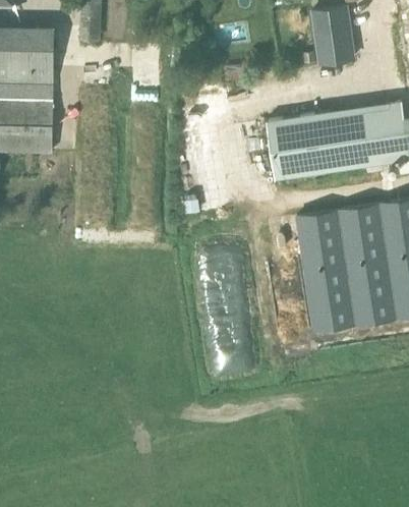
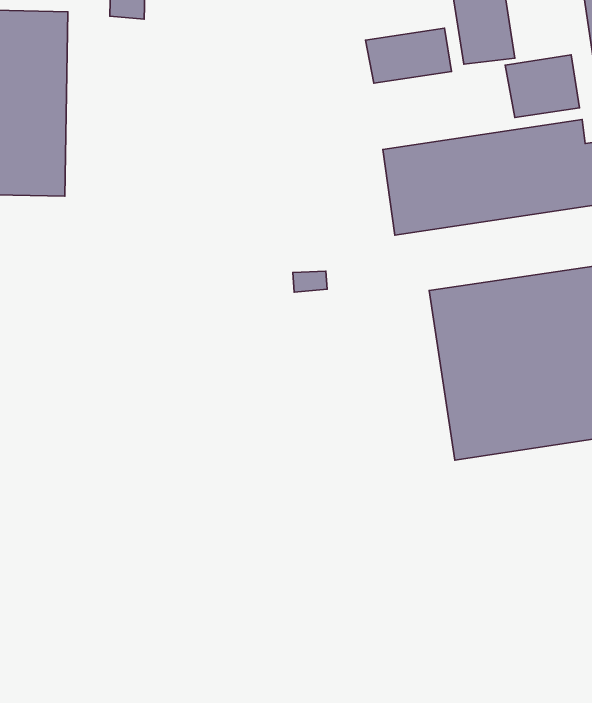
building: none -> [365,28,451,83]
building: none -> [505,55,579,118]

